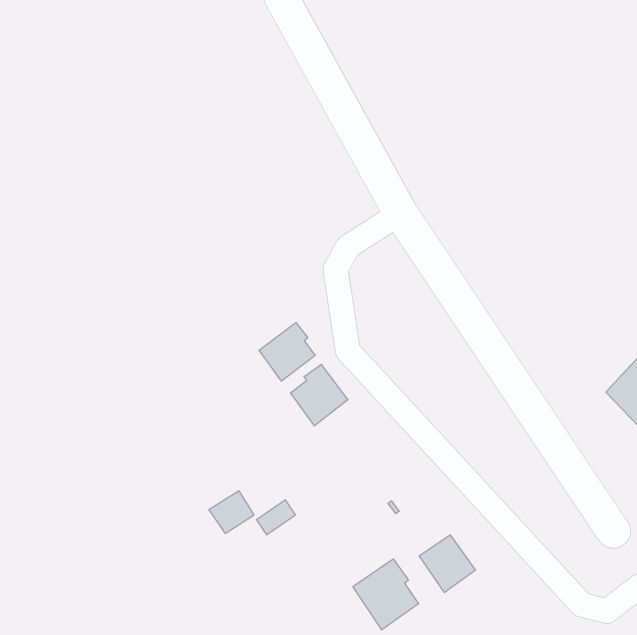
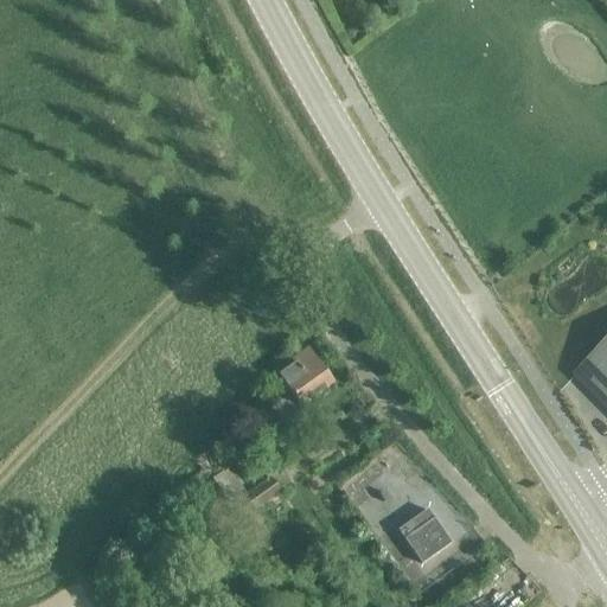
building: [259,323,315,381] -> none
building: [353,559,419,630] -> none

